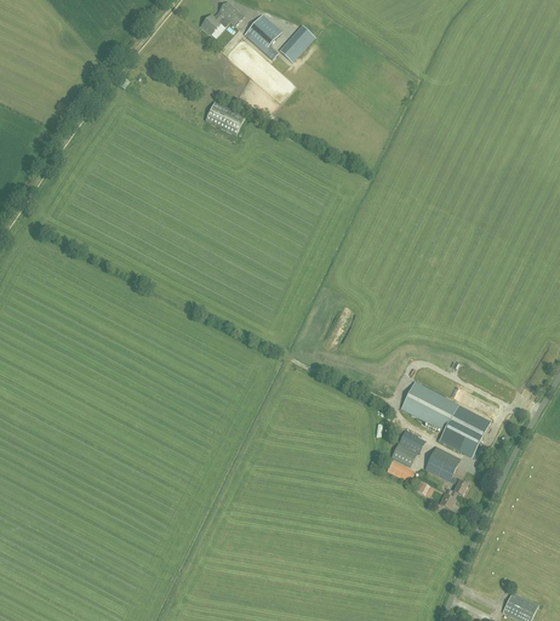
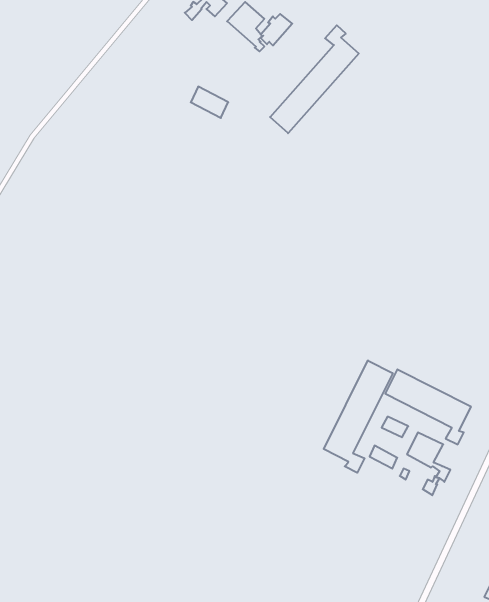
building: none -> [270,25,359,133]
building: none -> [324,360,393,473]

